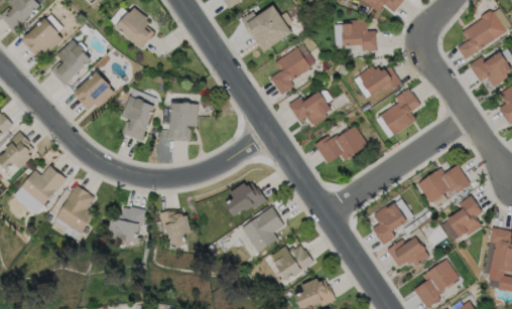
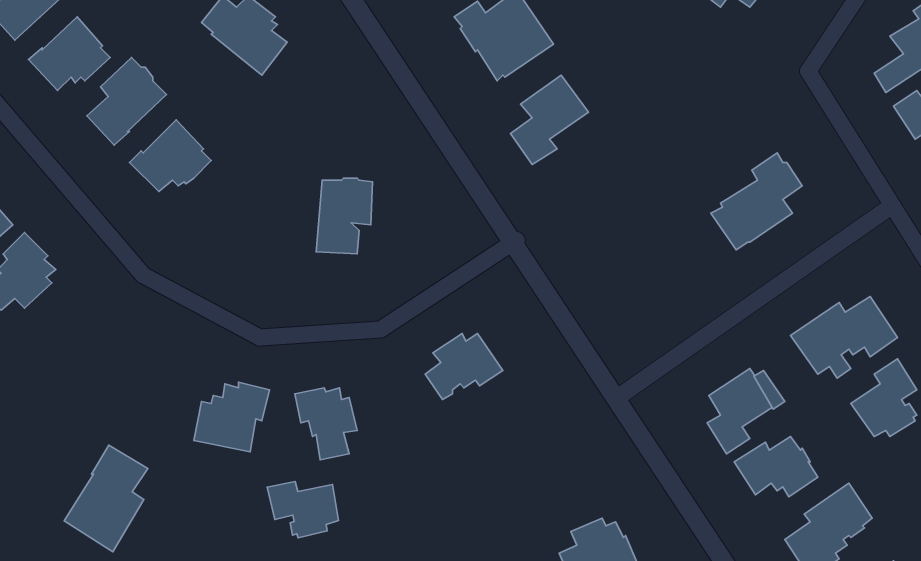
building: [333,19,379,52] -> none
building: [354,65,401,98] -> none
building: [121,89,157,142] -> none
building: [288,91,333,127] -> none
building: [315,127,368,164] -> none
building: [18,166,66,208] -> none
building: [51,185,95,241] -> [64,445,148,552]
building: [241,206,284,253] -> none
building: [271,246,314,282] -> none
building: none -> [267,481,339,538]

